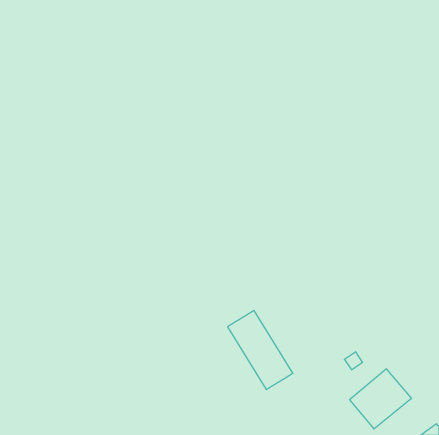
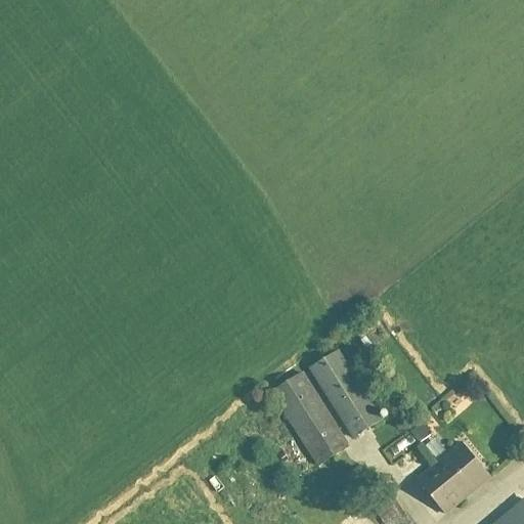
building: none -> [308,350,380,437]

